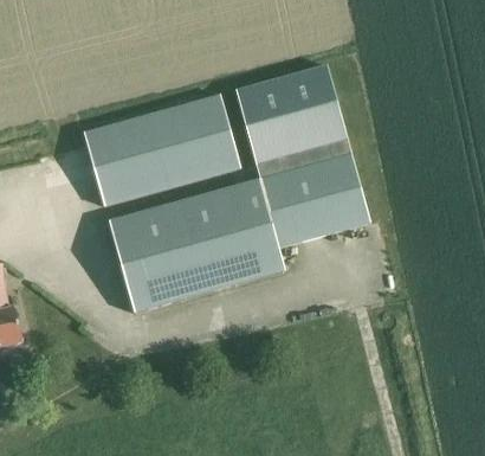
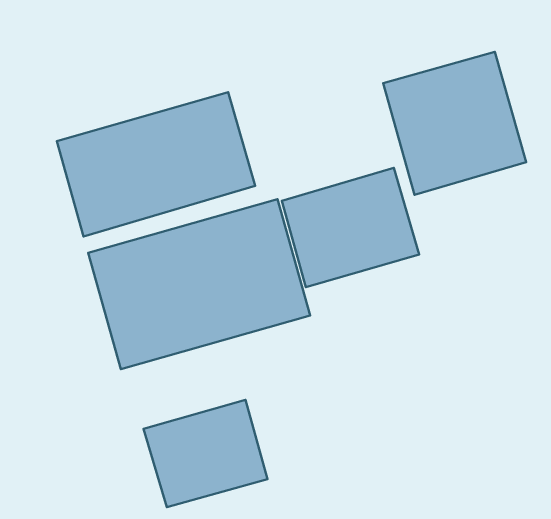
building: [237,65,350,179] -> [383,52,526,195]
building: none -> [144,400,268,507]

